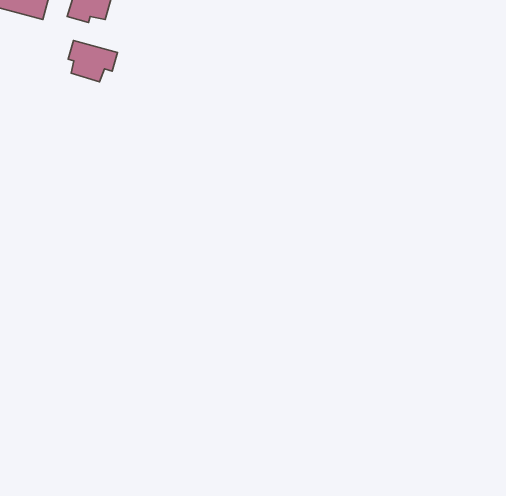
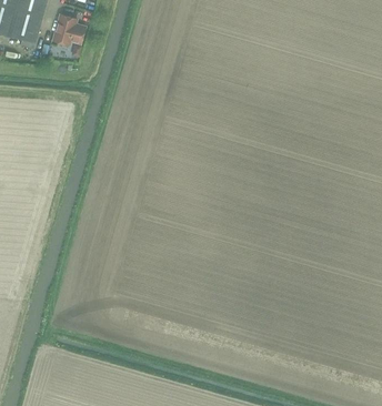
building: [68,40,117,82] -> none

